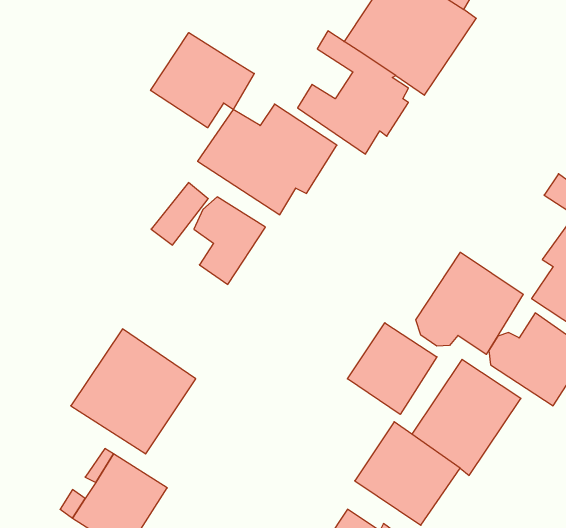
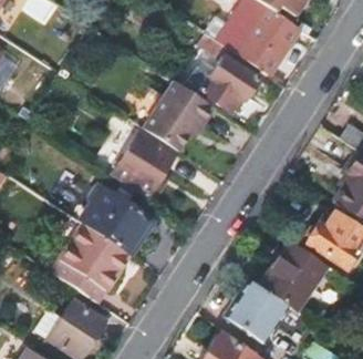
building: [151,33,254,128] -> none
building: [416,252,523,354] -> none
building: none -> [81,185,155,255]
building: [347,323,437,414] -> none

